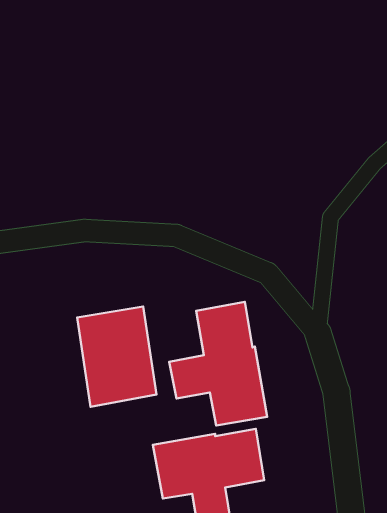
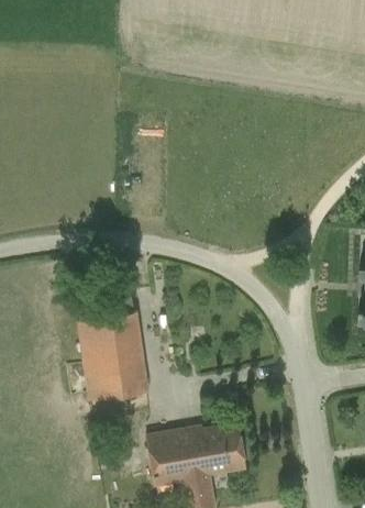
building: [169,302,267,426] -> none

